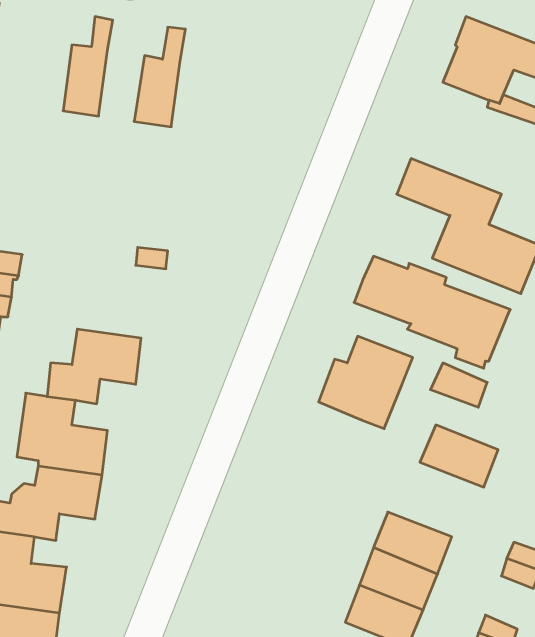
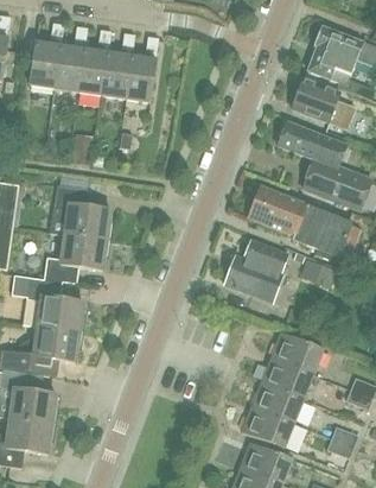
building: none -> [28,23,63,89]
building: none -> [77,30,110,96]
building: none -> [126,37,159,103]
building: none -> [292,78,351,127]
building: none -> [50,185,110,241]
building: [420,425,498,487] -> [270,332,323,374]

